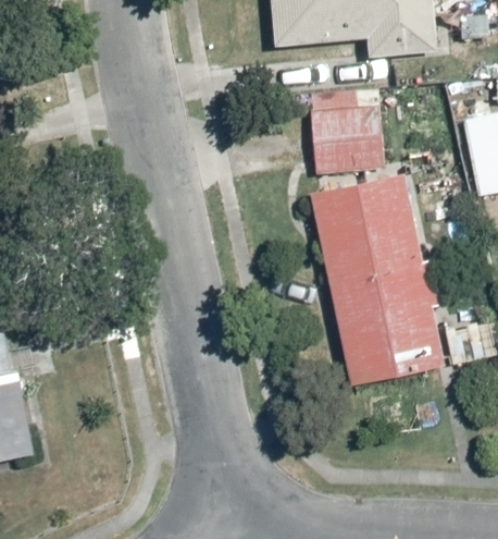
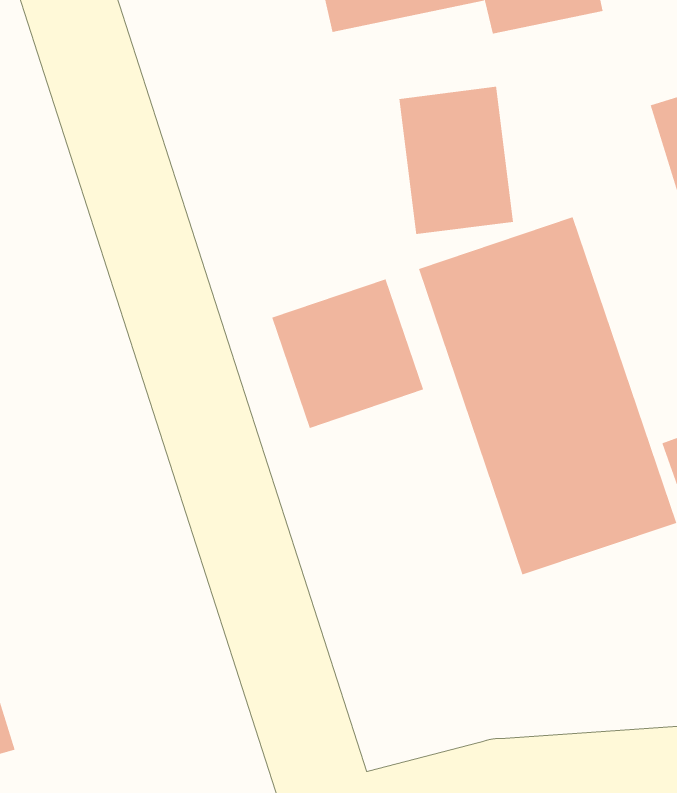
building: none -> [272,278,424,429]

